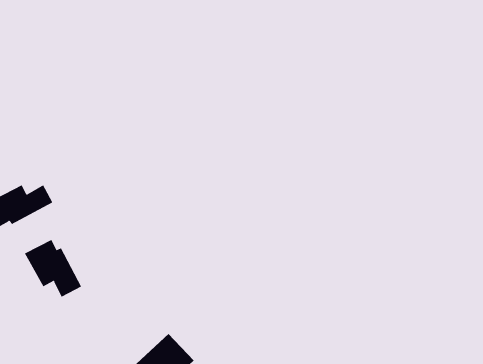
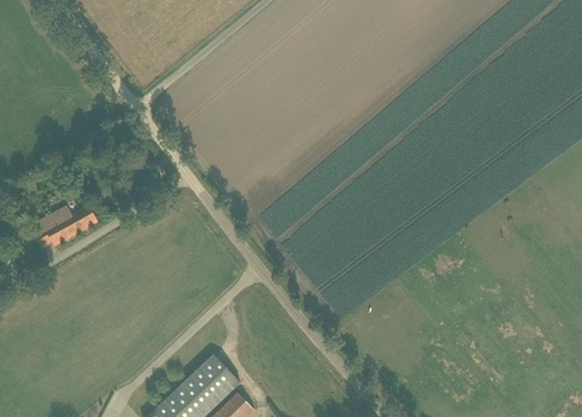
building: [24,239,82,298] -> none

